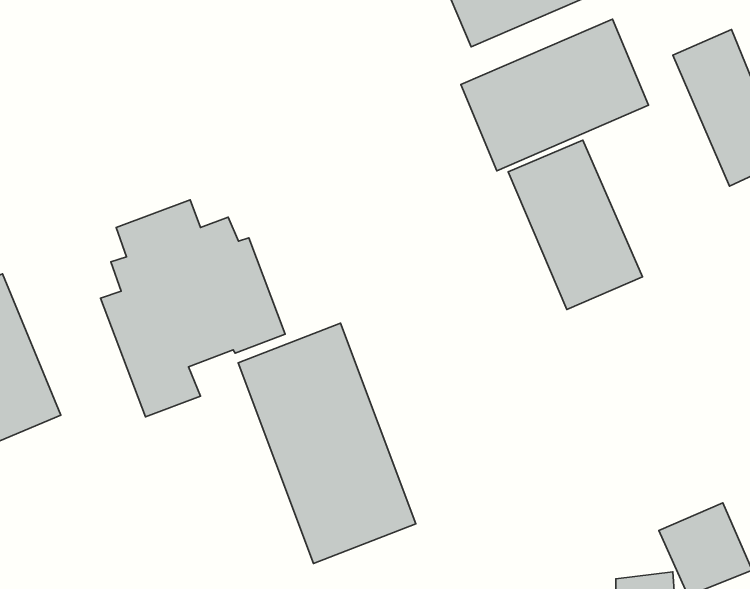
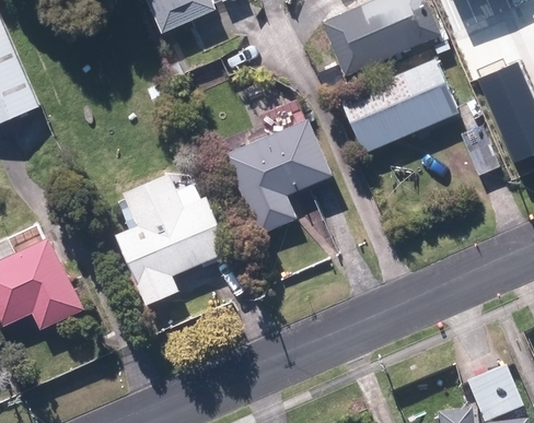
building: none -> [221,117,333,236]
building: [508,140,642,309] -> none
building: [238,323,416,563] -> none

